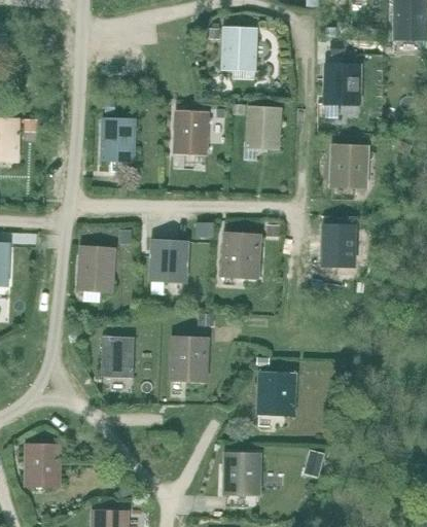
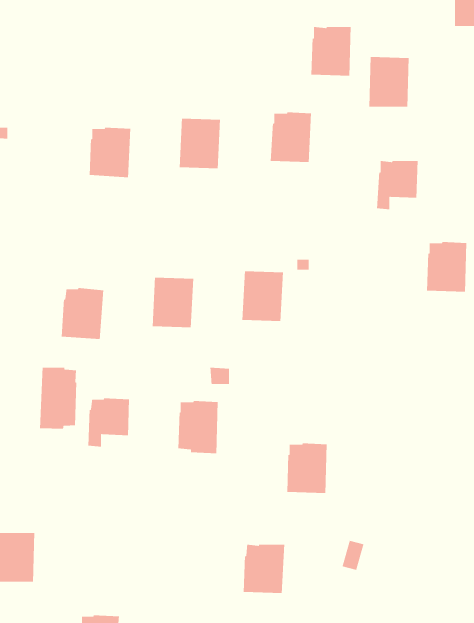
building: [223,29,256,69] -> [310,26,351,76]
building: [322,227,355,269] -> [426,241,467,293]
building: none -> [39,367,77,429]

